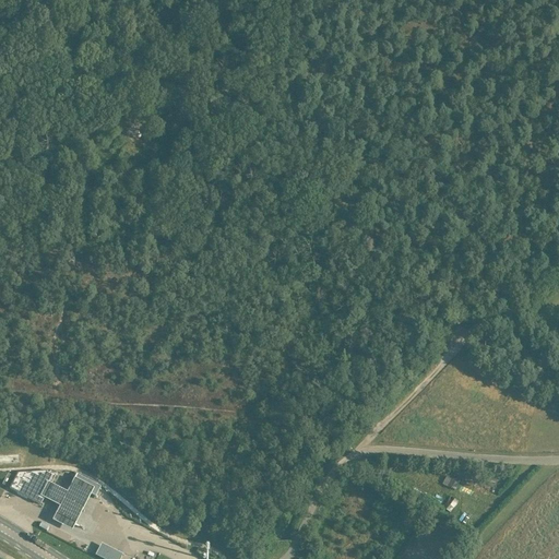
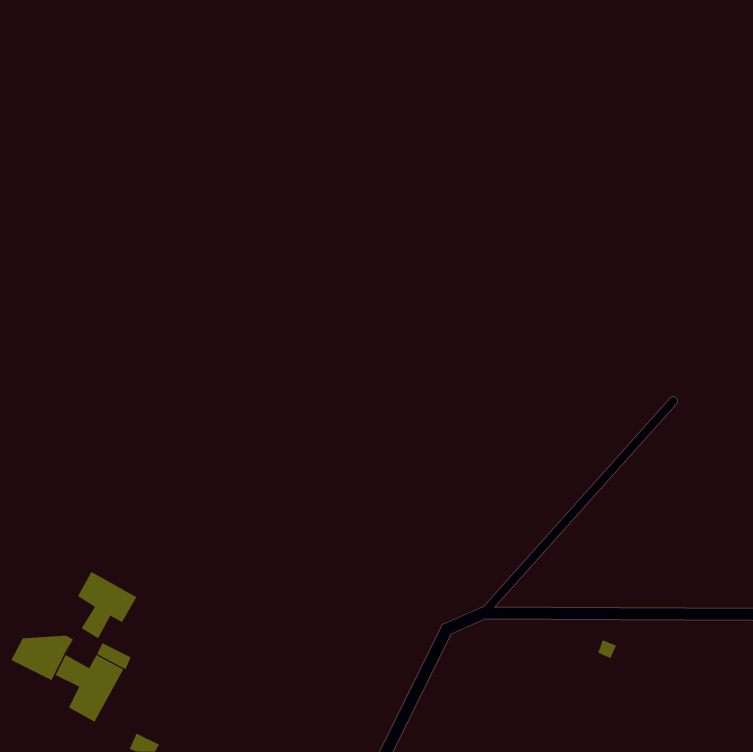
building: none -> [77,571,137,639]

